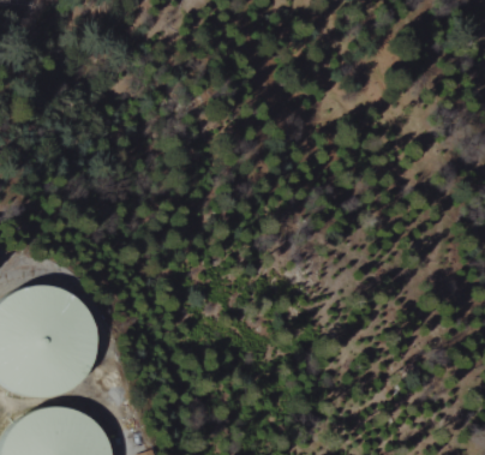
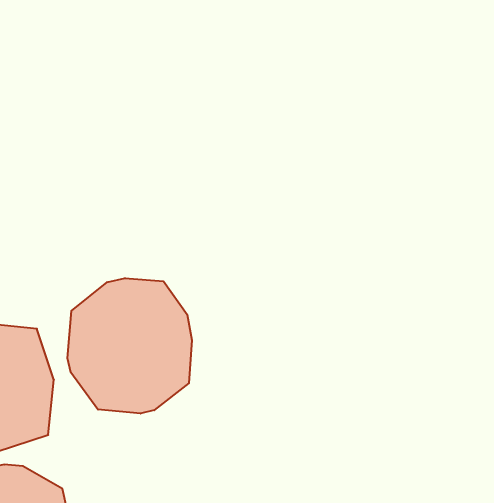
building: none -> [67,278,192,414]

